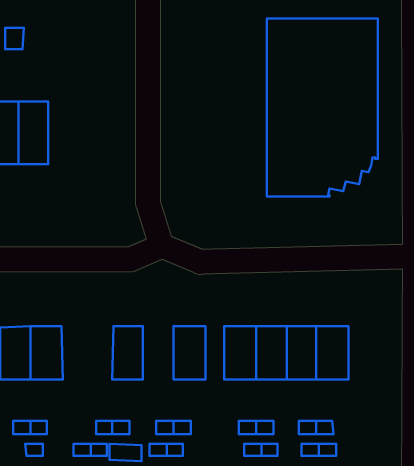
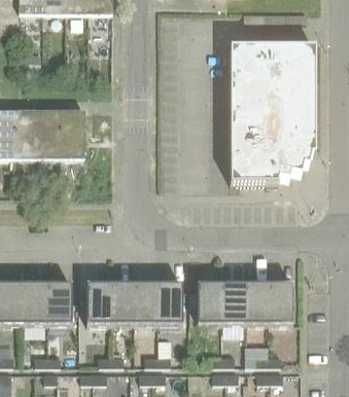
building: none -> [61,111,85,159]
building: none -> [86,284,111,325]
building: none -> [134,284,158,325]

